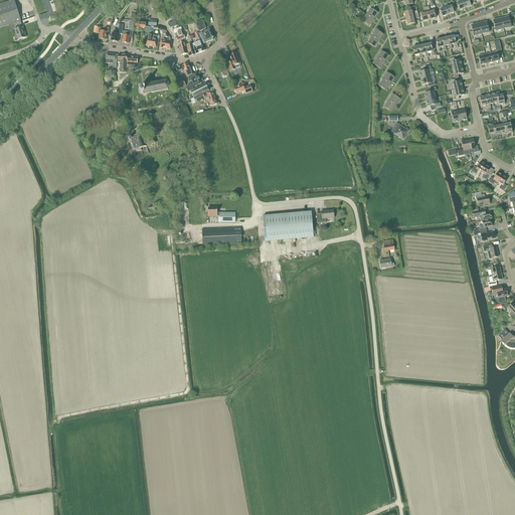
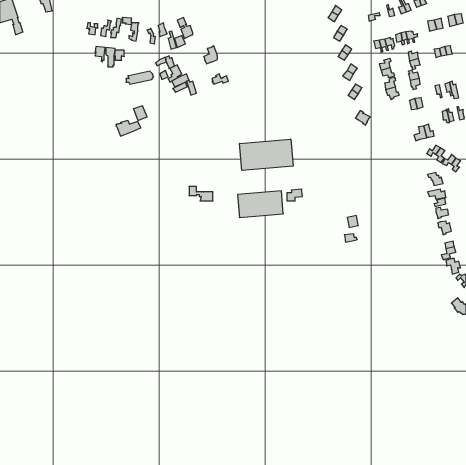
building: none -> [240,139,293,170]
building: [201,225,241,244] -> none

